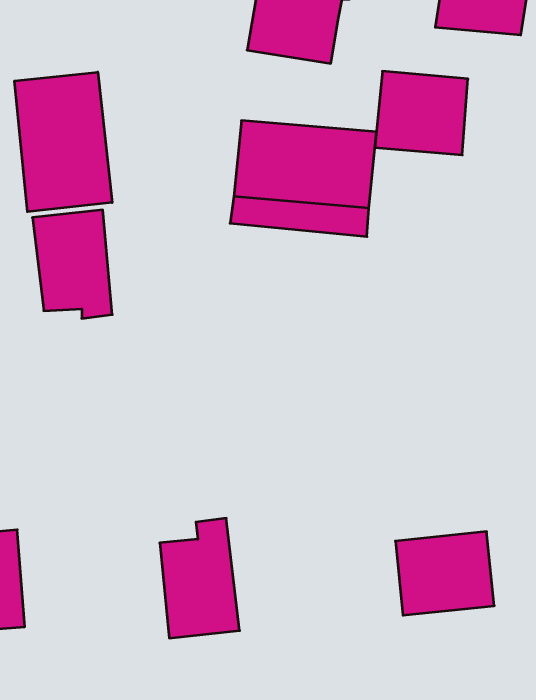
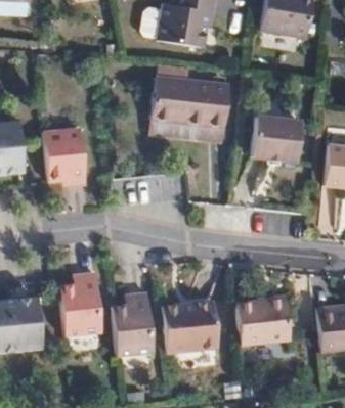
building: [375,71,468,155] -> [251,115,301,160]
building: [15,72,112,212] -> none
building: none -> [58,272,100,337]
building: none -> [164,302,218,352]

